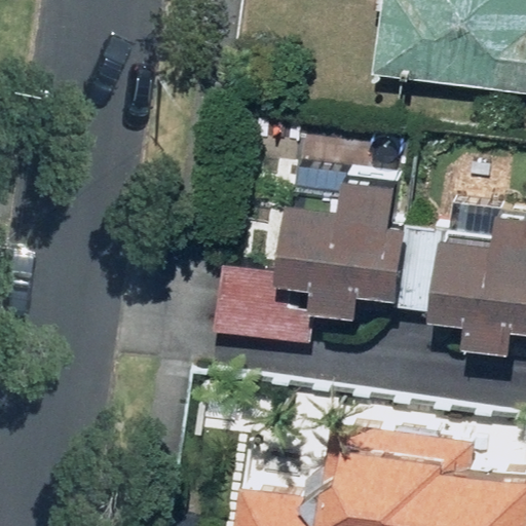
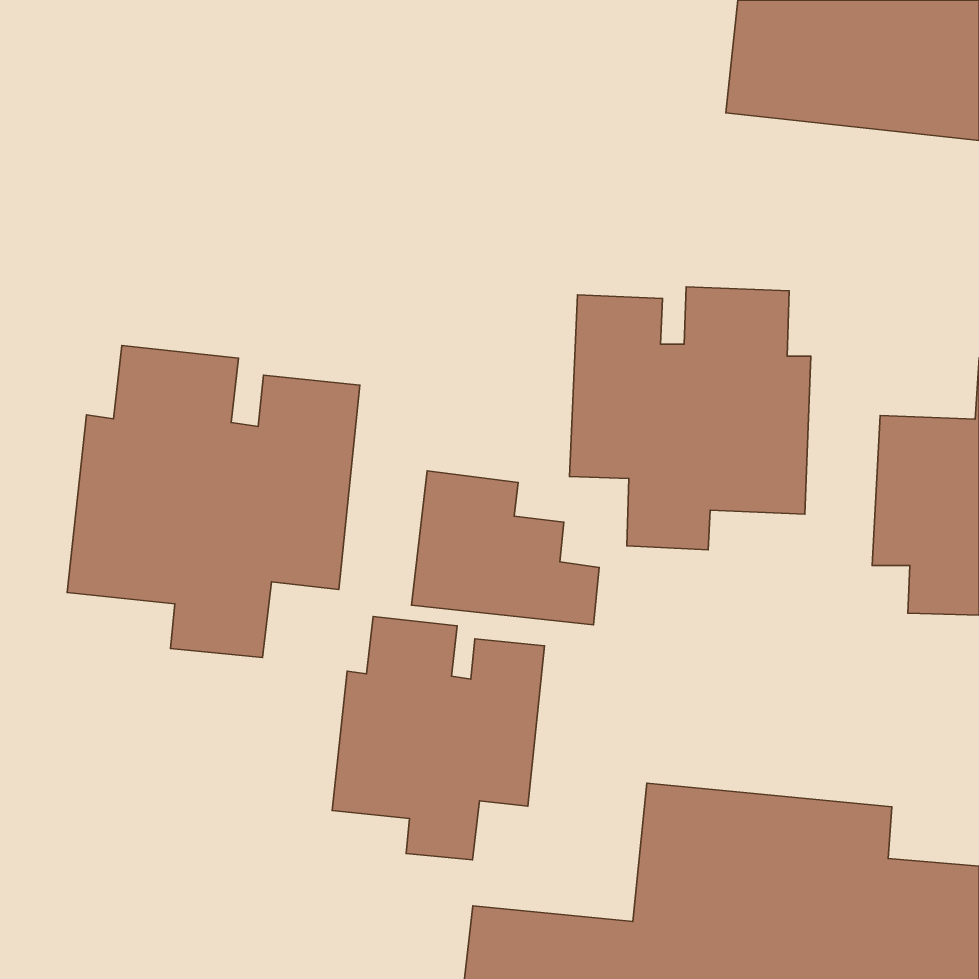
building: none -> [67,345,360,657]
building: none -> [332,617,544,860]

